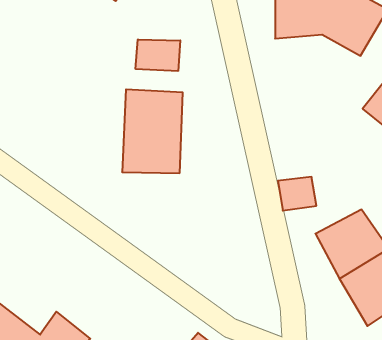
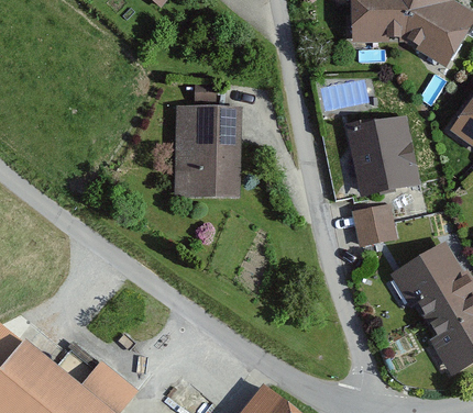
building: [136,39,180,71] -> none
building: none -> [345,116,416,192]

